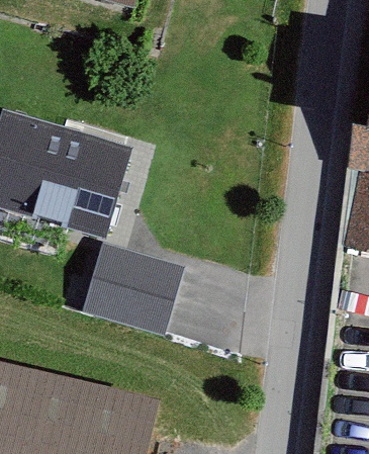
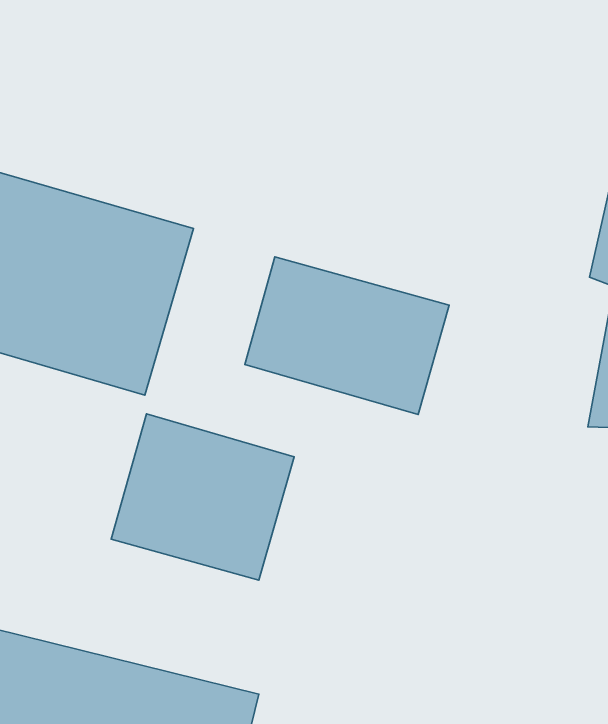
building: none -> [245,257,449,414]

